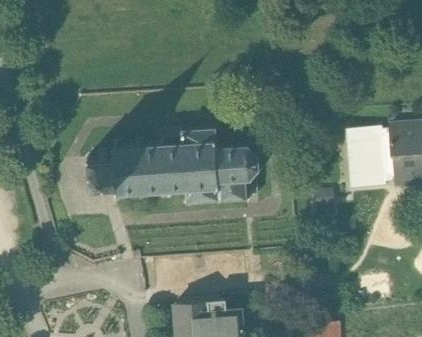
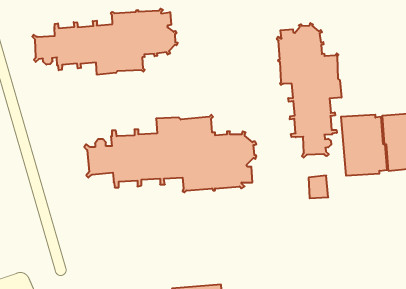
building: none -> [32,9,178,75]
building: none -> [277,23,341,158]

